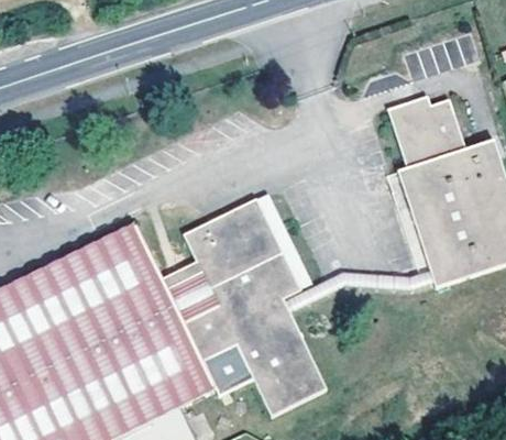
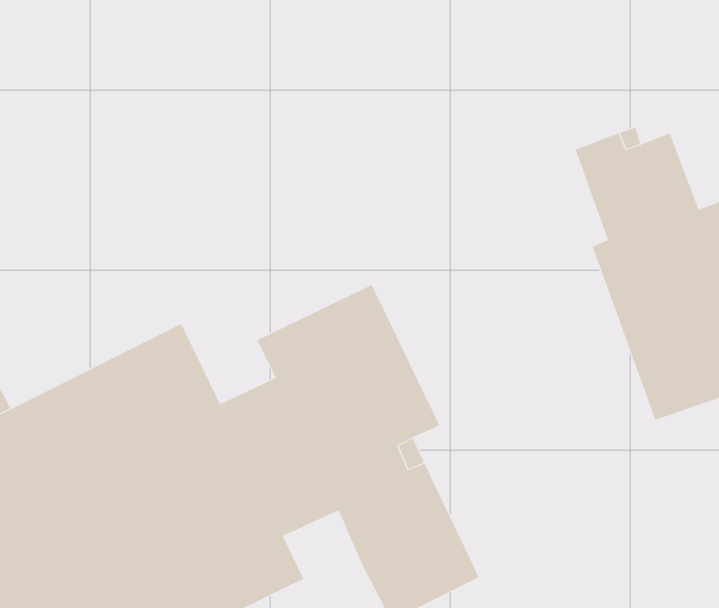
building: [199,344,250,396] -> none

